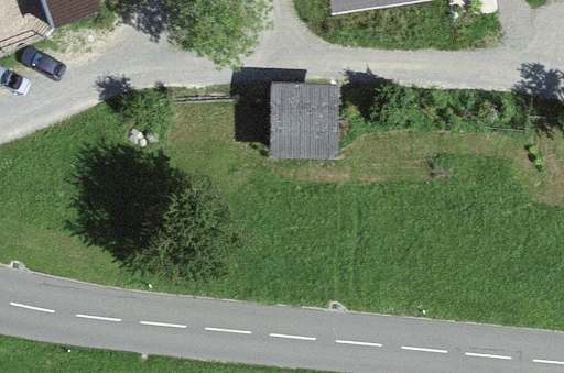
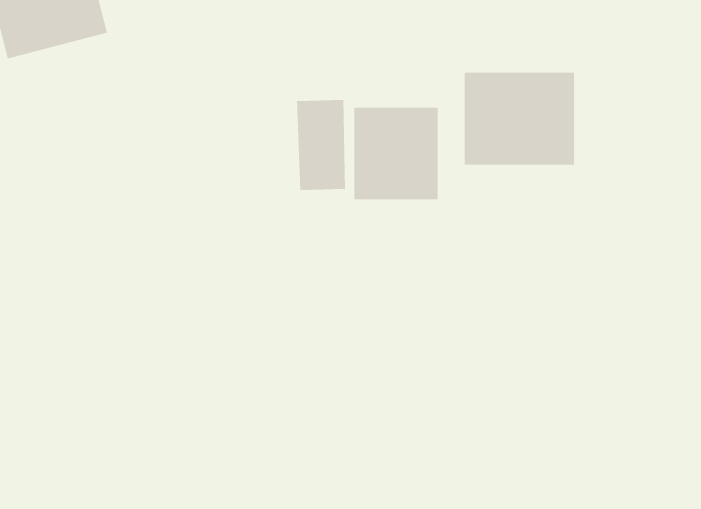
building: none -> [464,72,575,165]

